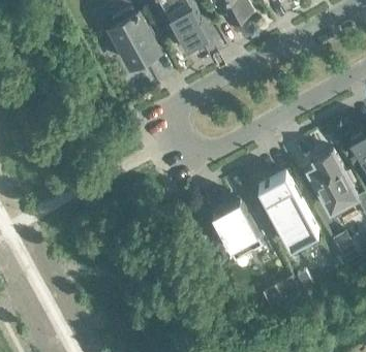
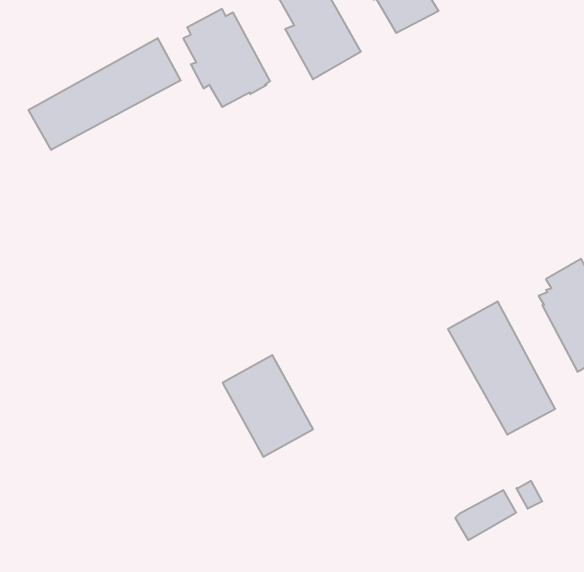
building: none -> [29,38,181,150]
building: [213,199,264,256] -> [223,355,313,457]

